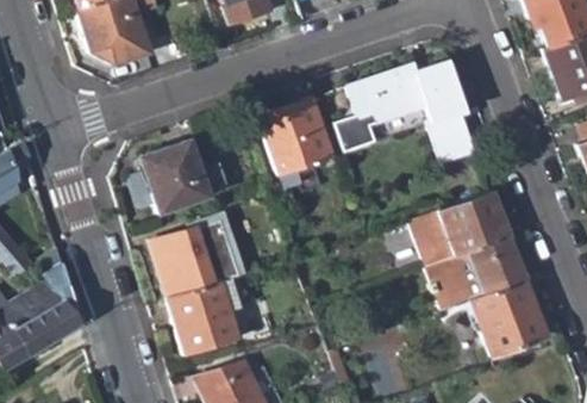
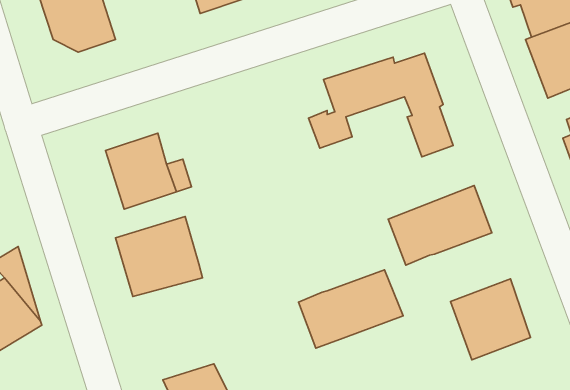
building: [262,100,336,176] -> none
building: [429,235,529,310] -> [298,270,403,348]
building: [168,278,243,354] -> none

